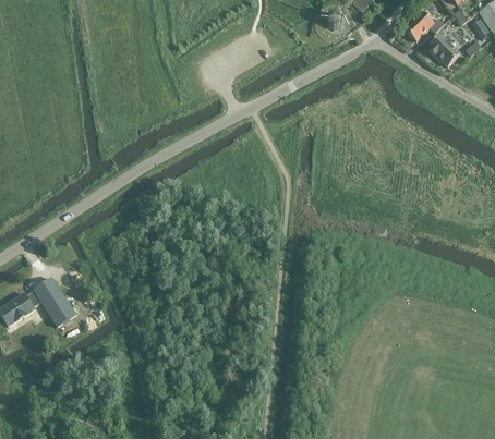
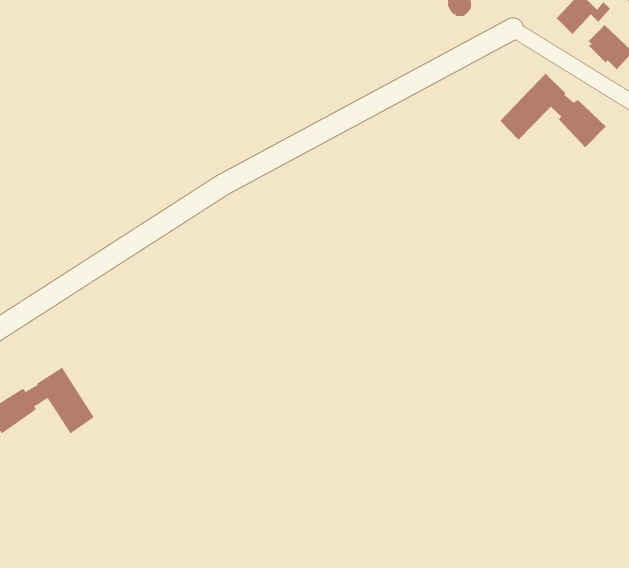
building: none -> [500,73,607,148]

